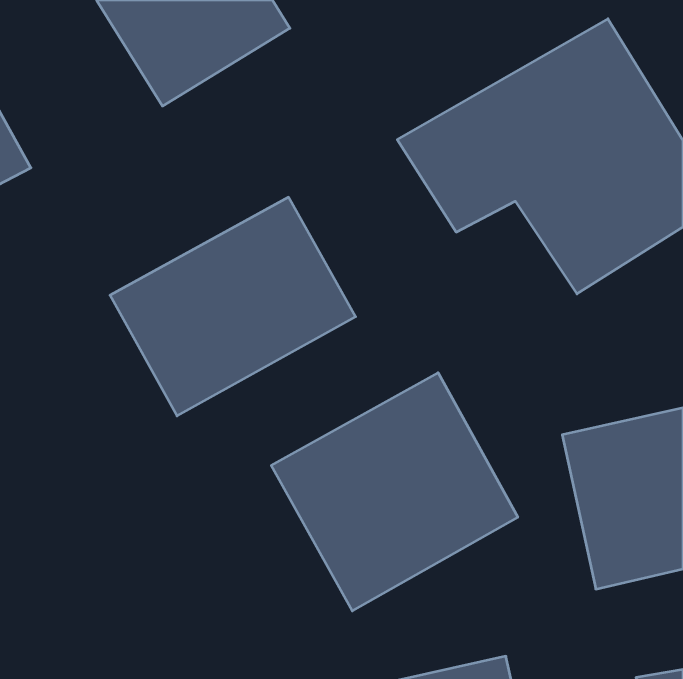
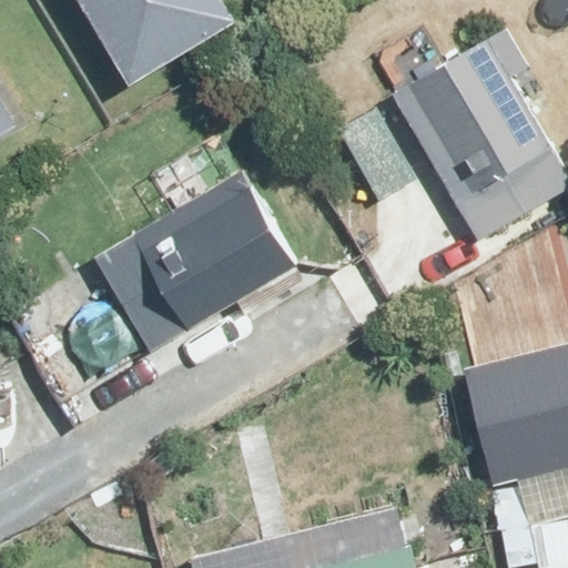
building: [271,373,518,611] -> none

